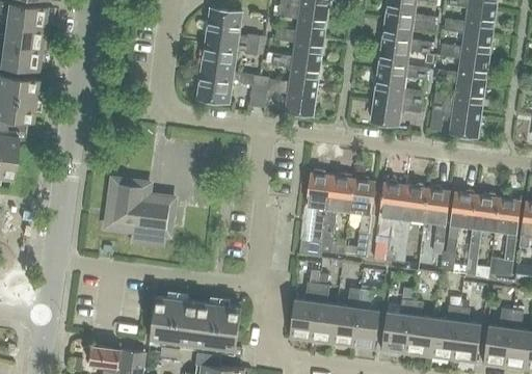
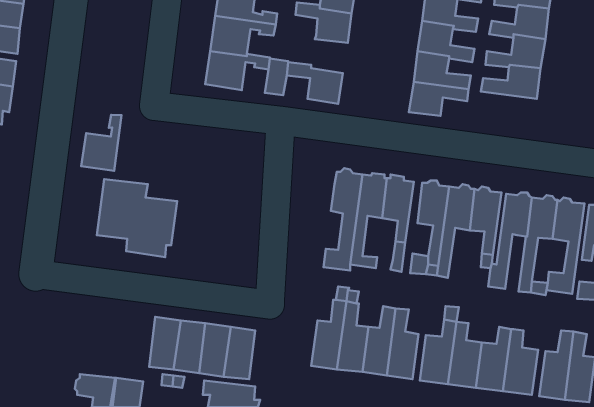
building: [270,53,319,88] -> none
building: [429,104,480,136] -> none
building: none -> [81,115,122,171]

